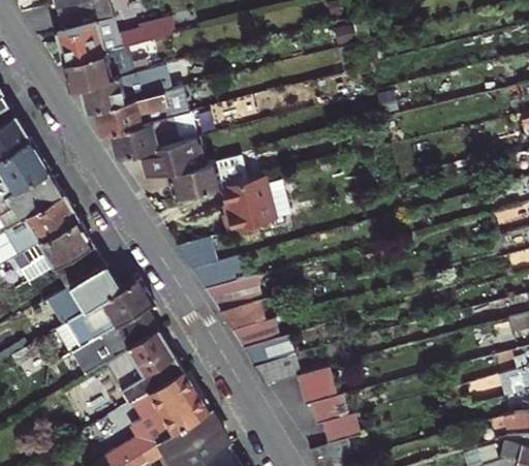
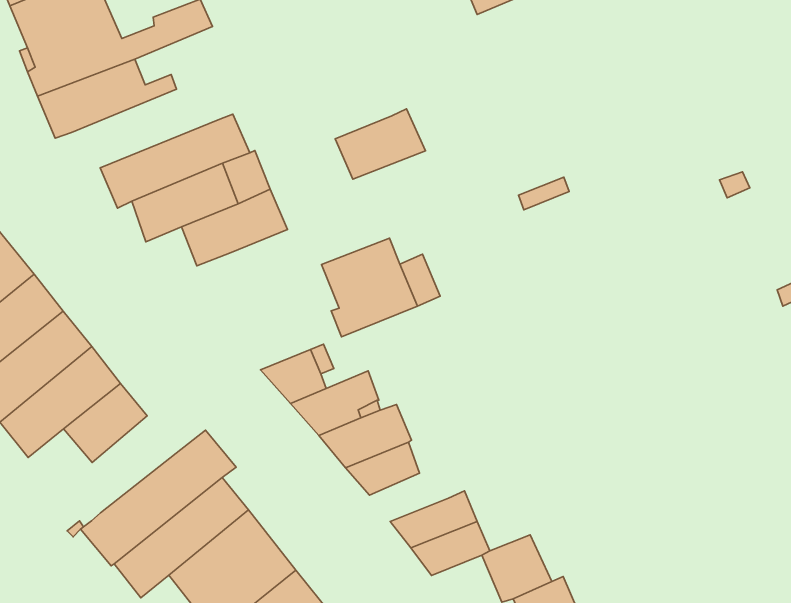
building: [82,65,173,113] -> none
building: [168,160,222,198] -> [335,109,426,179]
building: [48,265,119,323] -> none
building: [232,319,280,348] -> none

